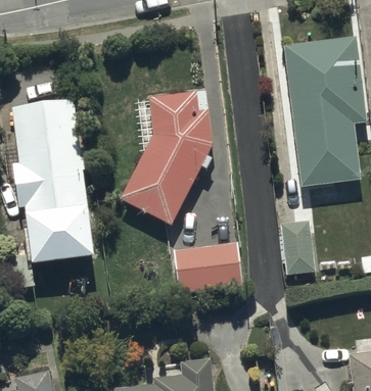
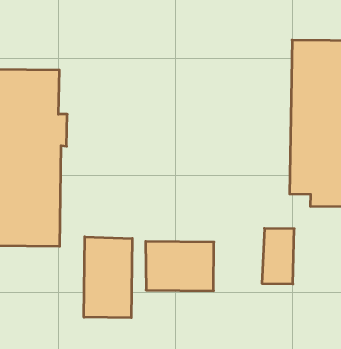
building: [120,90,212,225] -> none
building: none -> [84,237,132,318]

